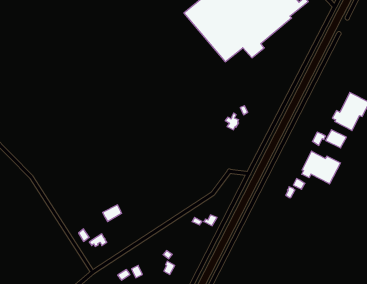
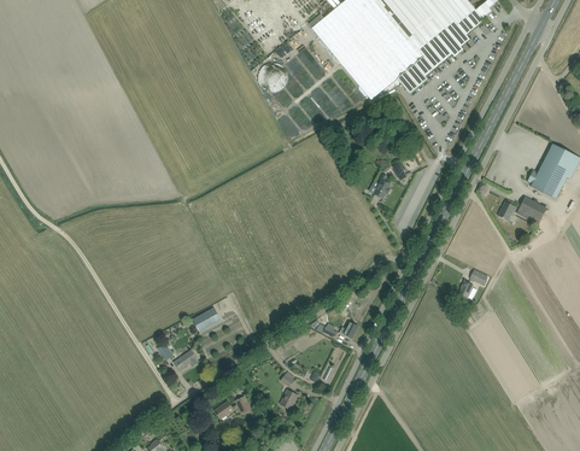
building: [302,151,340,184] -> none

